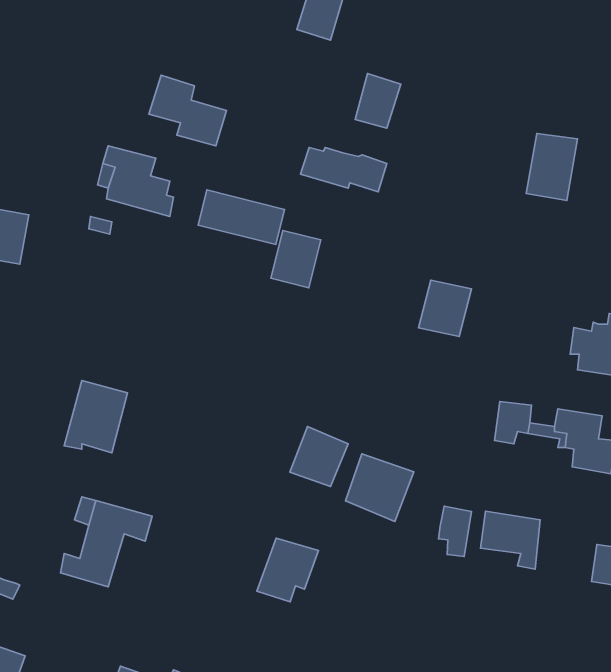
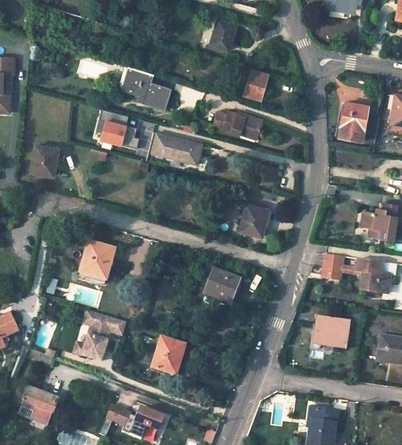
building: [271,230,321,288] -> none
building: [418,280,471,337] -> [239,204,269,236]
building: [346,454,414,521] -> none
building: [439,506,471,556] -> none
building: [257,538,319,602] -> [151,337,186,373]

